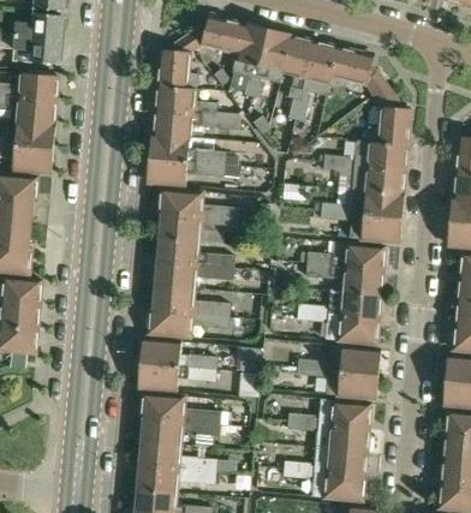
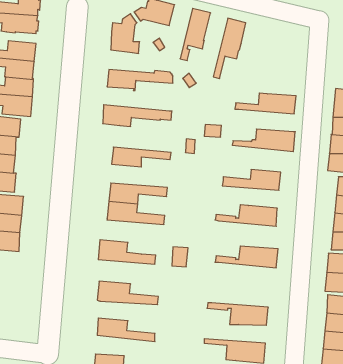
building: [232,23,268,96] -> none
building: [282,35,315,120] -> none
building: [329,48,387,93] -> none
building: [156,84,217,115] -> none
building: [368,88,410,145] -> none
building: [149,133,238,166] -> none
building: [324,163,404,193] -> none
building: [159,189,240,221] -> none
building: [321,211,403,244] -> none
building: [159,237,235,268] -> none
building: [306,266,383,296] -> none
building: [148,309,229,338] -> none
building: [298,311,380,345] -> none
building: [139,364,217,392] -> none
building: [297,368,380,400] -> none
building: [288,400,371,428] -> none
building: [142,419,221,446] -> none
building: [284,451,366,476] -> none
building: [138,465,217,493] -> none

